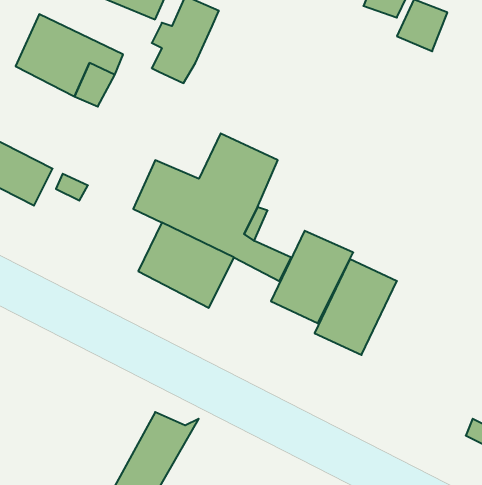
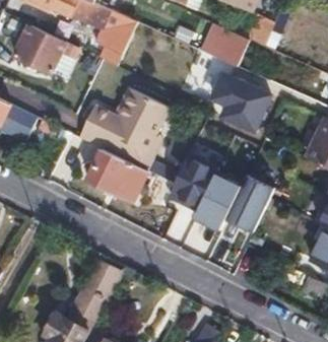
building: none -> [203,22,250,66]
building: none -> [212,69,269,125]
building: none -> [227,177,274,232]

